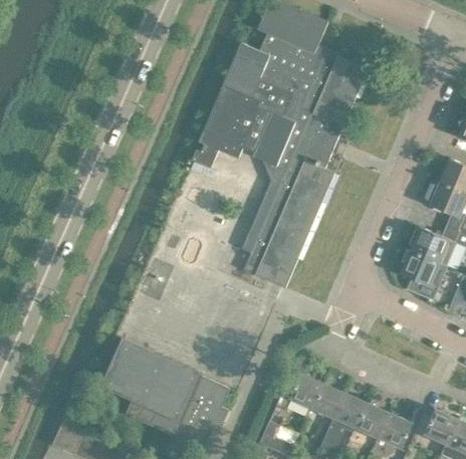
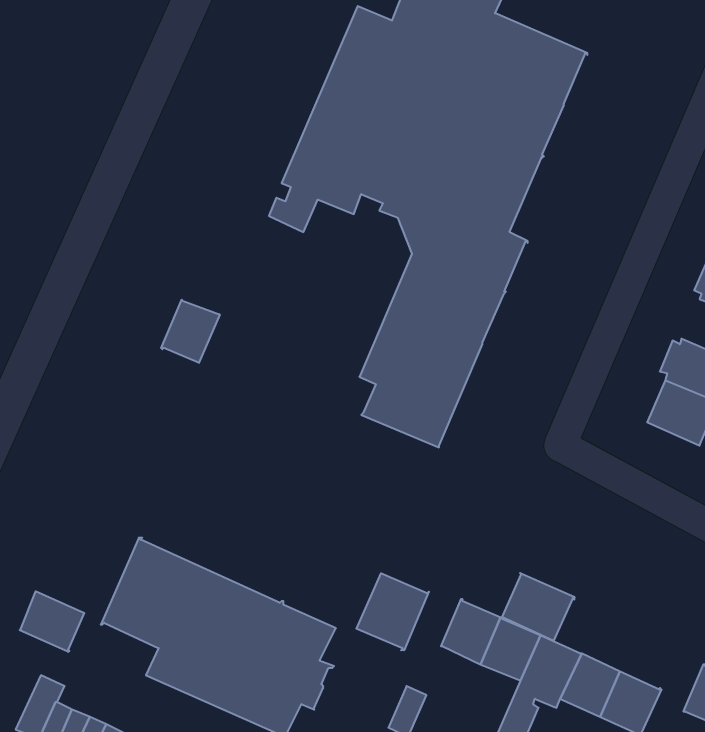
building: none -> [161,300,220,363]
building: none -> [502,573,574,641]
building: none -> [356,573,429,650]
building: none -> [20,591,84,652]

